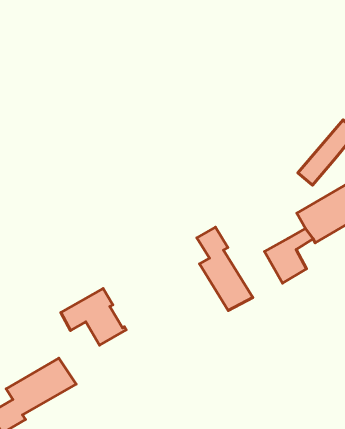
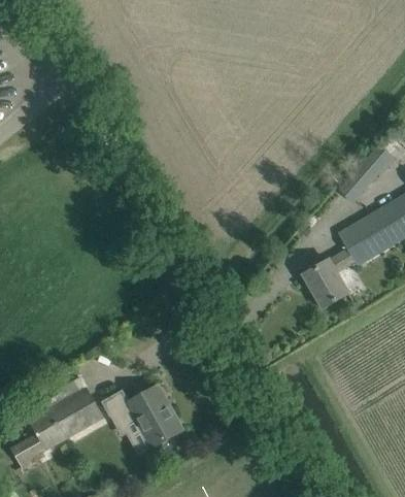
building: [197,227,253,311] -> none
building: [61,288,126,345] -> [111,385,181,445]

